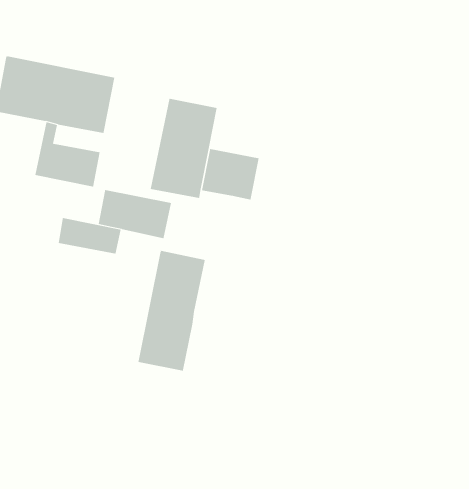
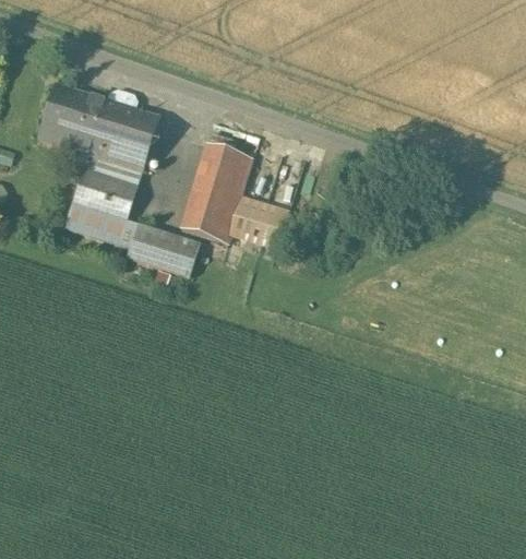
building: [58,218,121,254] -> [64,202,127,242]
building: [138,250,206,372] -> none

